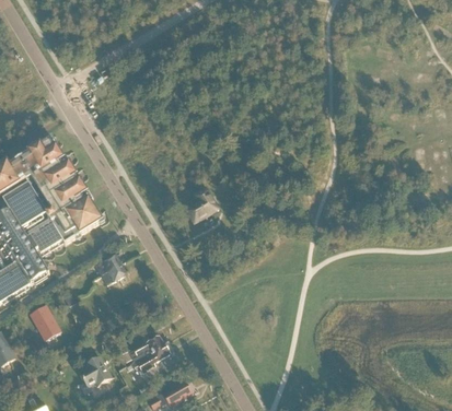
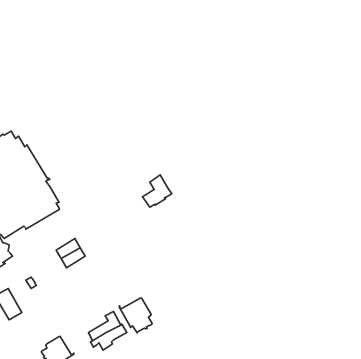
building: none -> [119,298,152,333]

